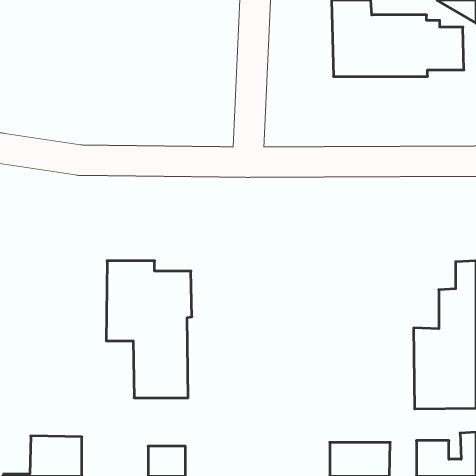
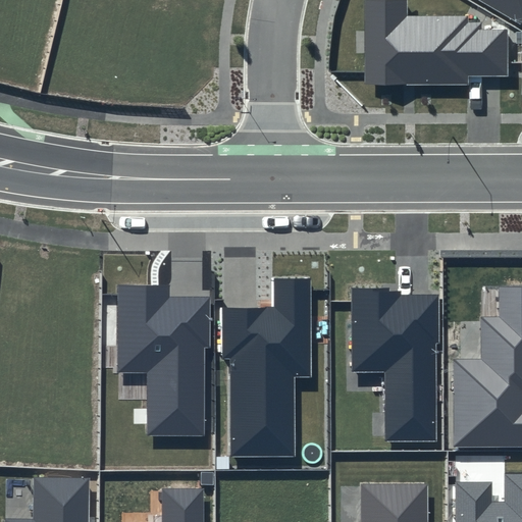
building: none -> [221,278,313,456]
building: none -> [352,288,438,442]

